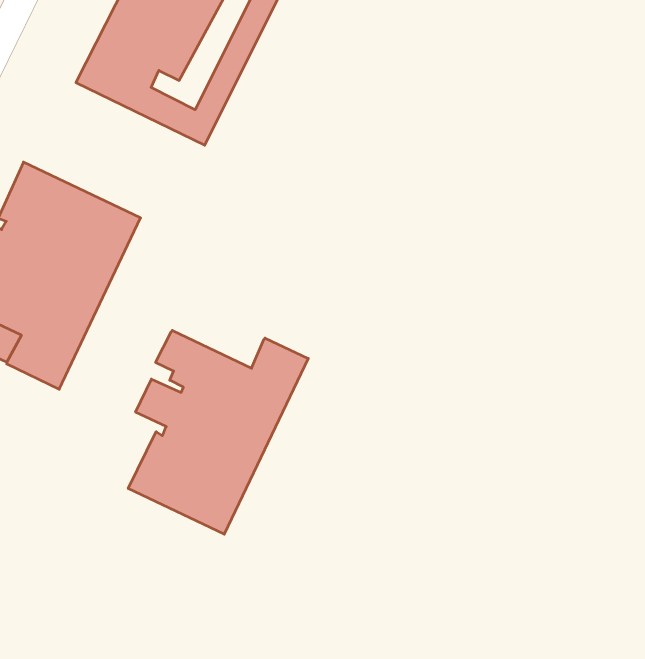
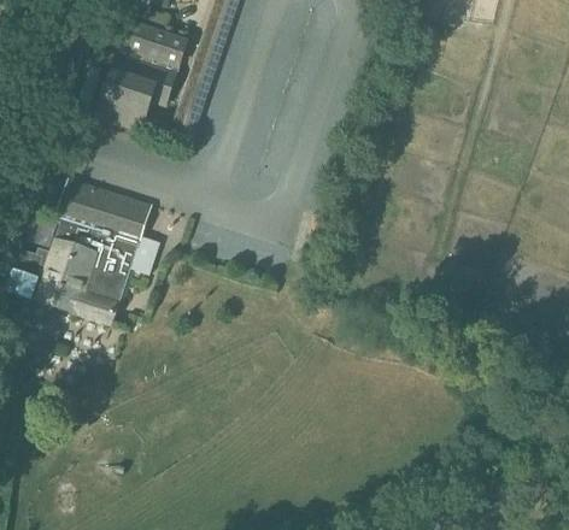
building: [128,330,308,534] -> none

